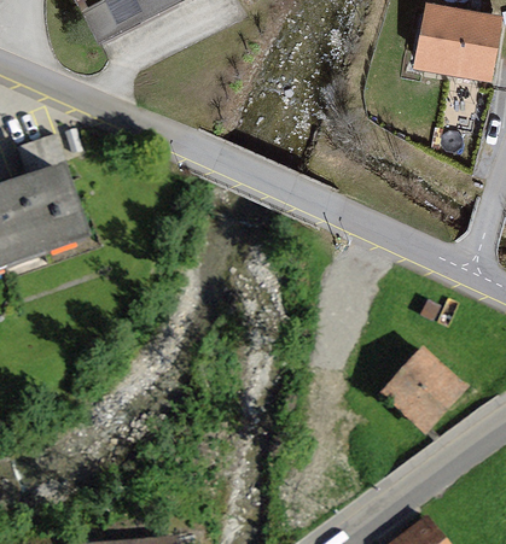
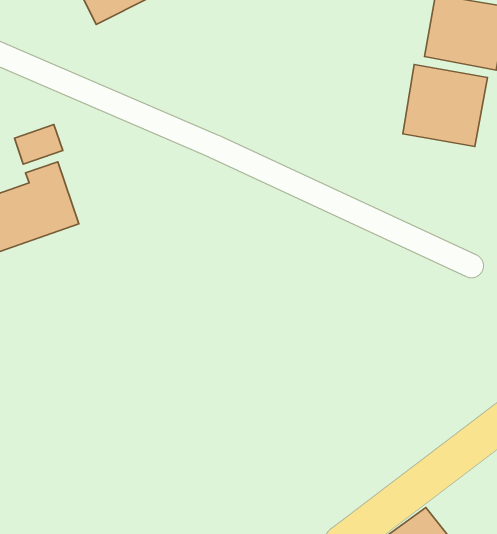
building: none -> [403,64,487,146]
building: [384,350,463,431] -> none

